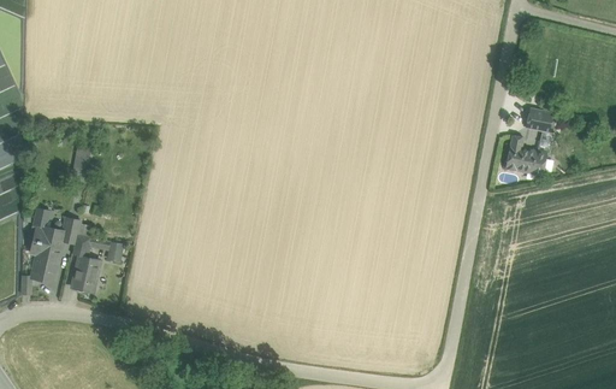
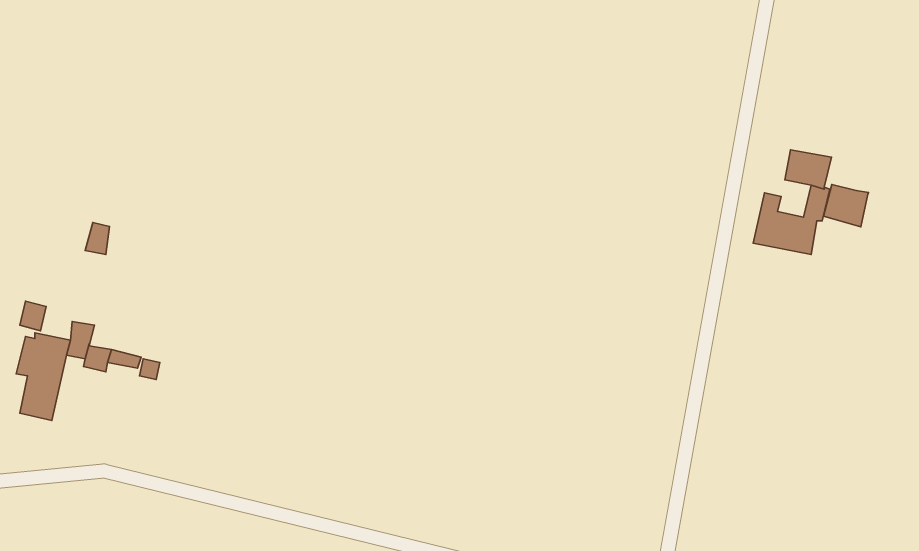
building: none -> [823,184,869,227]
building: [72,255,100,291] -> none

